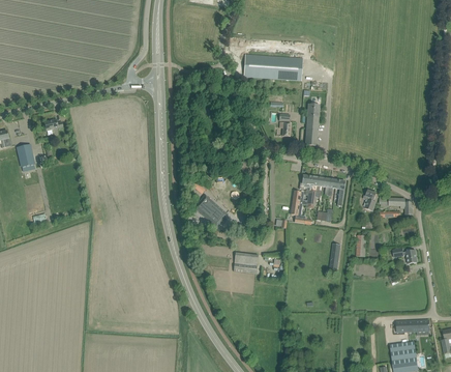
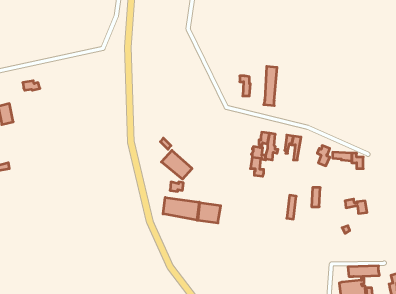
building: [243,54,302,81] -> none
building: none -> [163,197,199,220]

